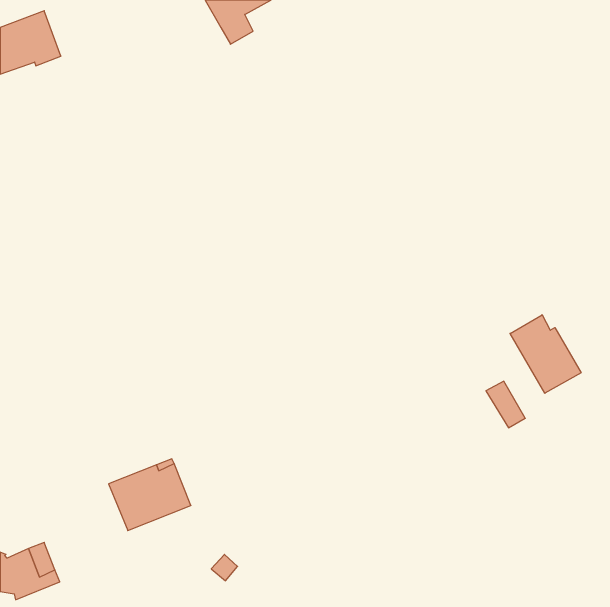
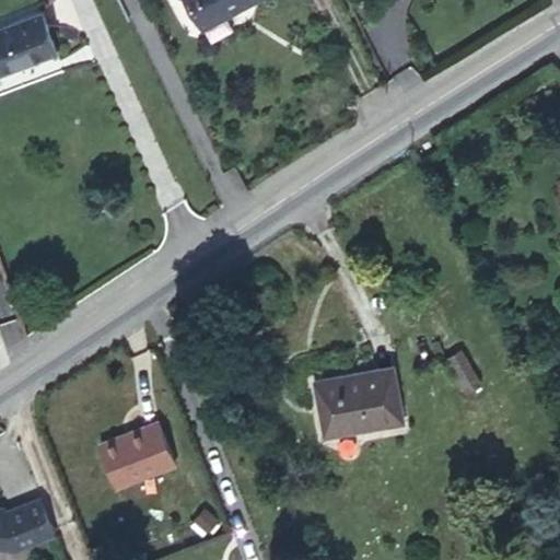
building: [510,315,581,393] -> none
building: none -> [314,369,404,440]

